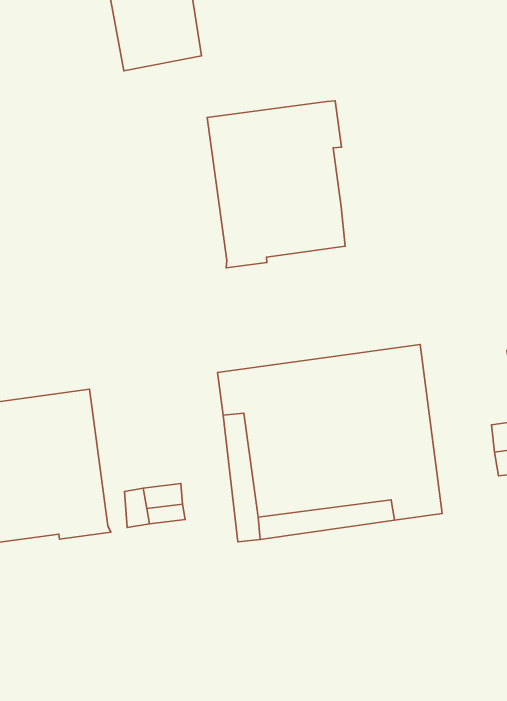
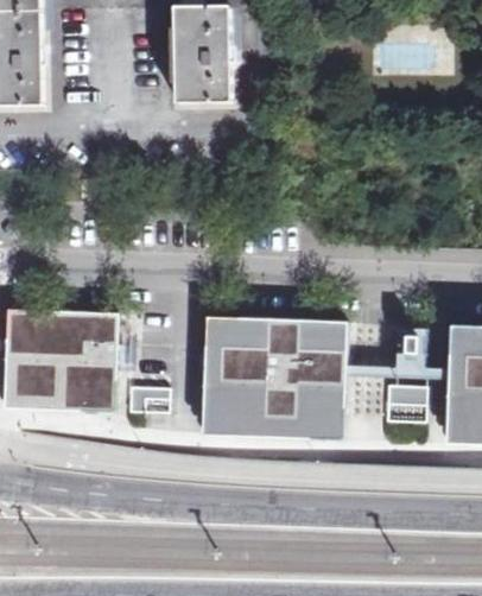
building: [207,101,345,268] -> none

